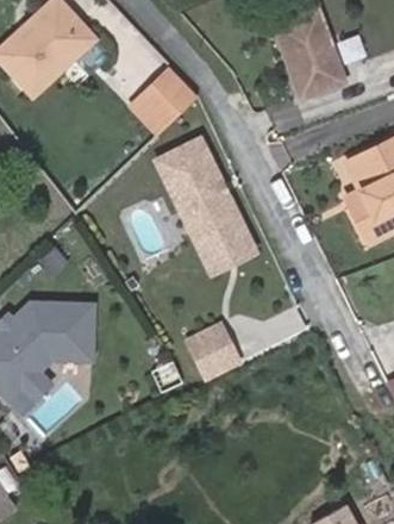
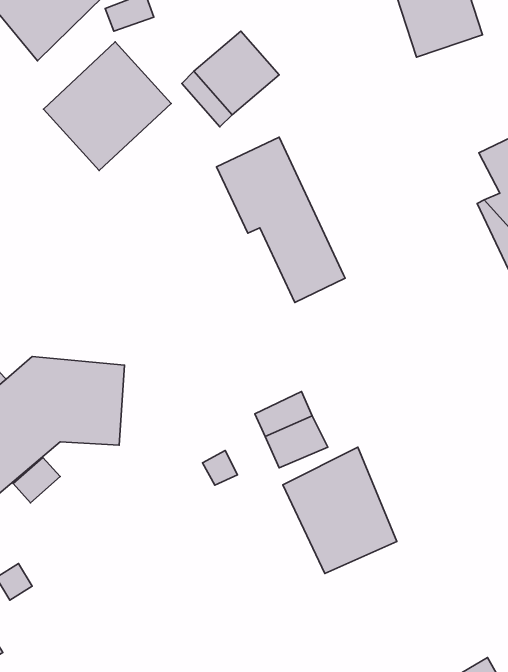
building: none -> [43,42,171,171]
building: [183,208,258,280] -> none
building: none -> [283,447,397,574]

